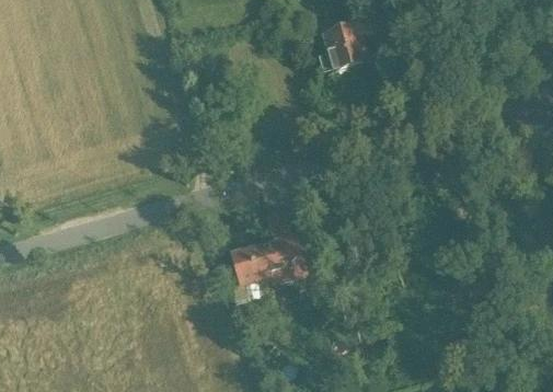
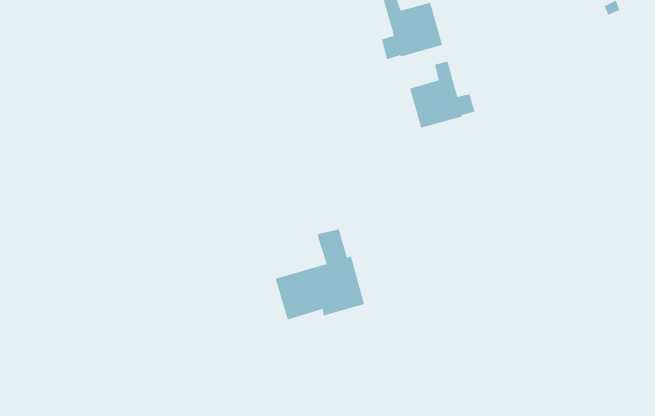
building: none -> [410,61,475,128]

